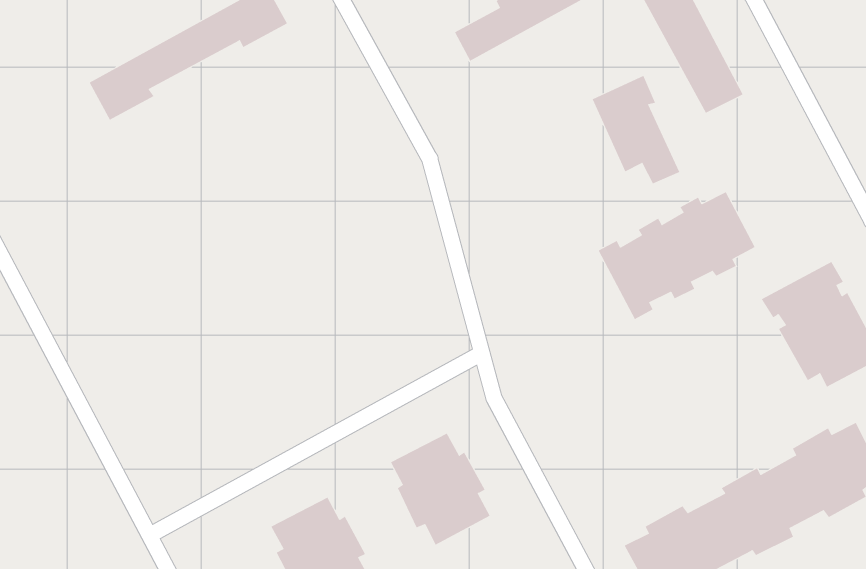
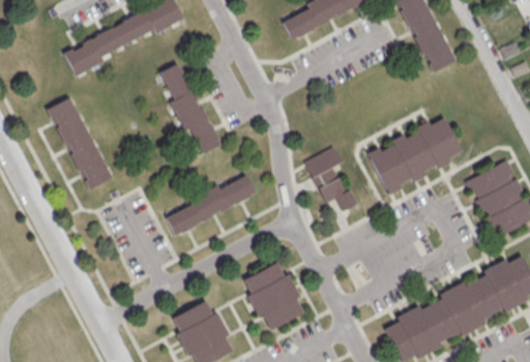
building: [592,75,680,184] -> [305,149,358,214]
building: none -> [159,62,222,153]
building: none -> [48,96,112,189]
building: none -> [166,174,258,236]

